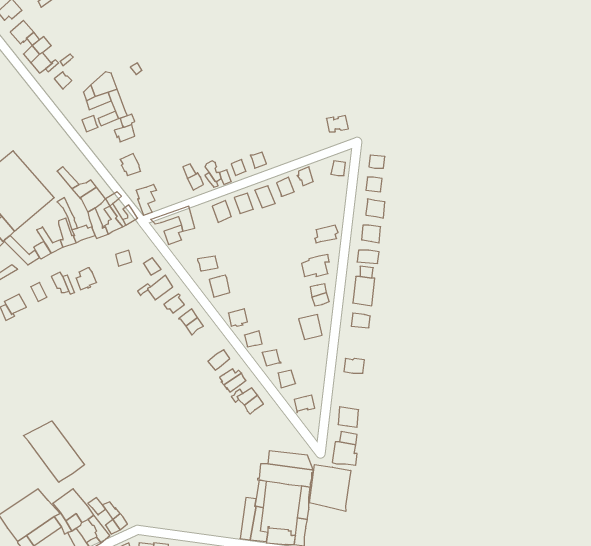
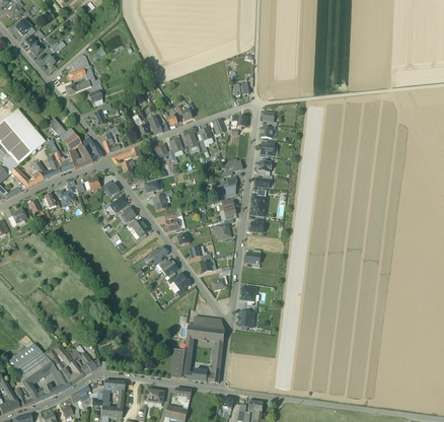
building: [23,421,85,482] -> none
building: [309,465,351,511] -> none

